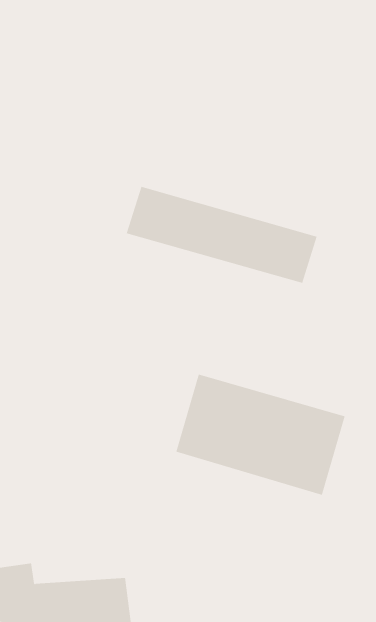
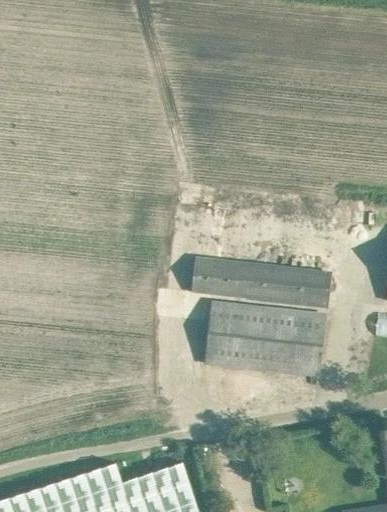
building: [126,186,317,284] -> [189,258,332,310]

